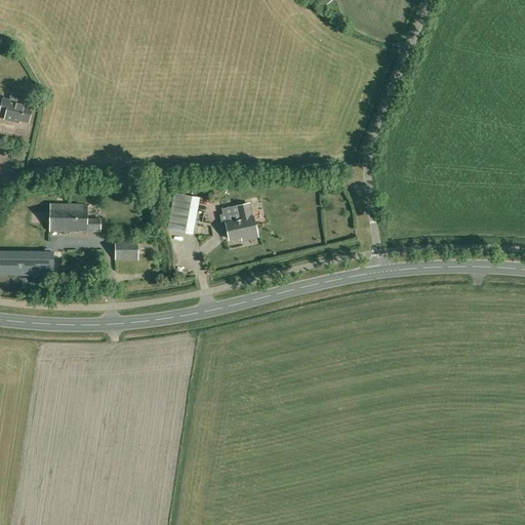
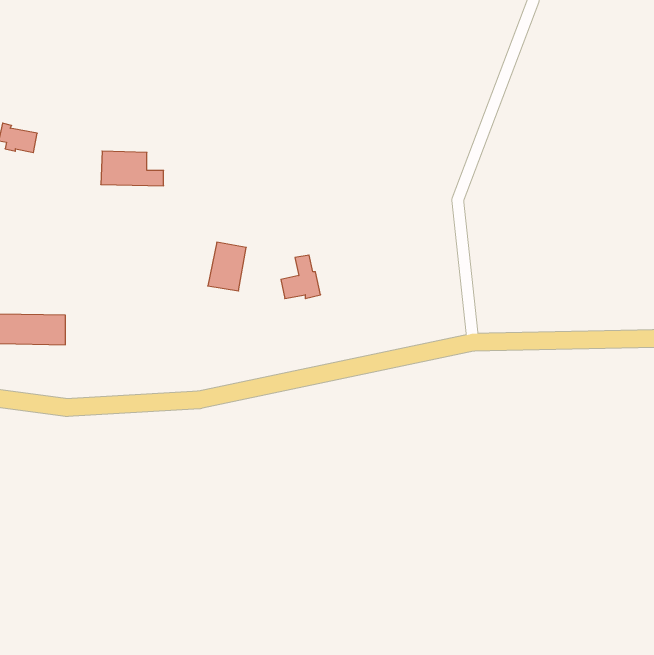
building: [49,204,99,232] -> [101,151,164,186]
building: [114,239,137,260] -> none

